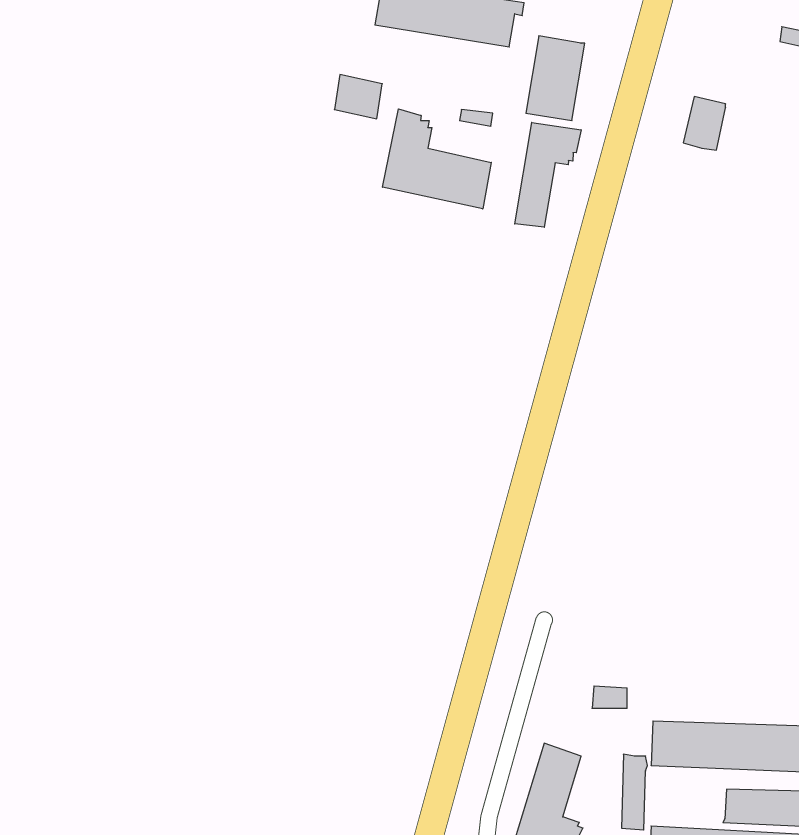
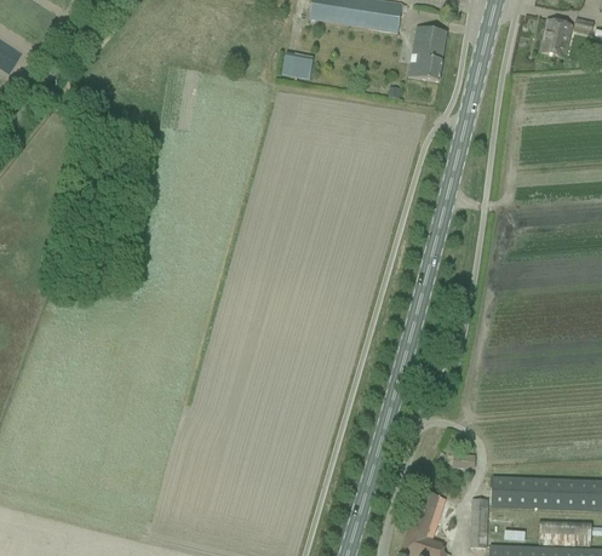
building: [683,97,726,150] -> [541,21,569,56]
building: [383,109,491,209] -> none
building: [515,122,581,227] -> none

